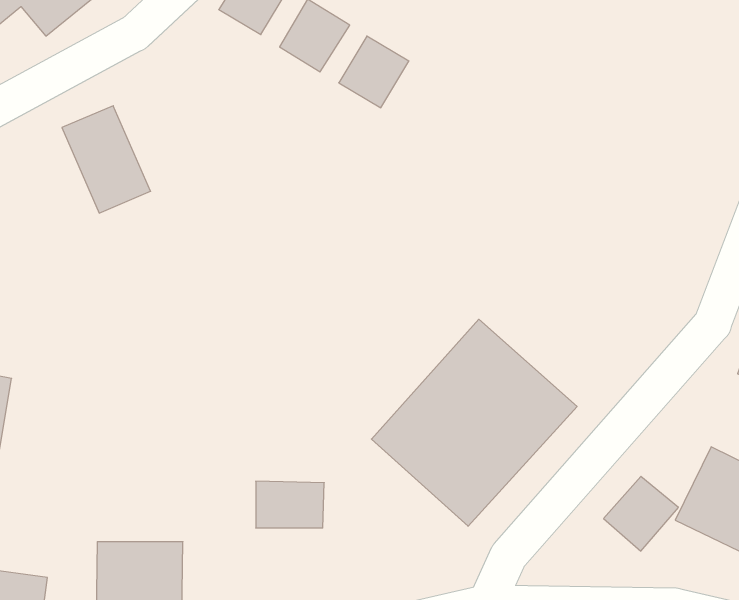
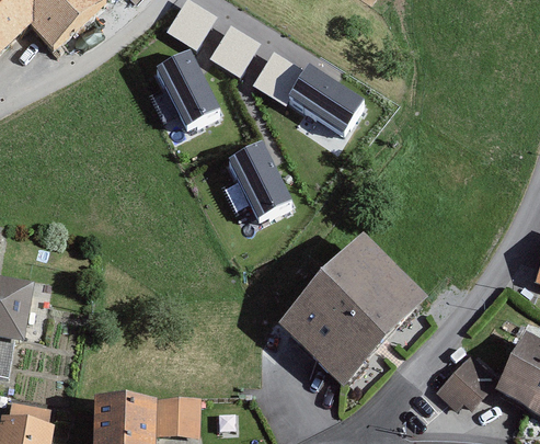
building: none -> [291,67,368,137]
building: [62,106,151,213] -> [160,53,222,128]
building: none -> [232,143,296,219]
building: [256,481,324,528] -> [151,398,199,431]

